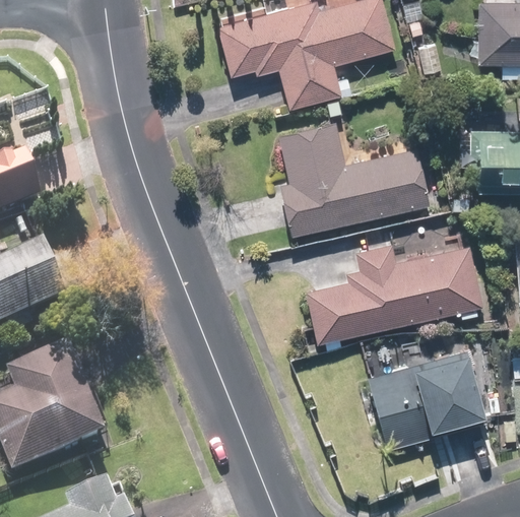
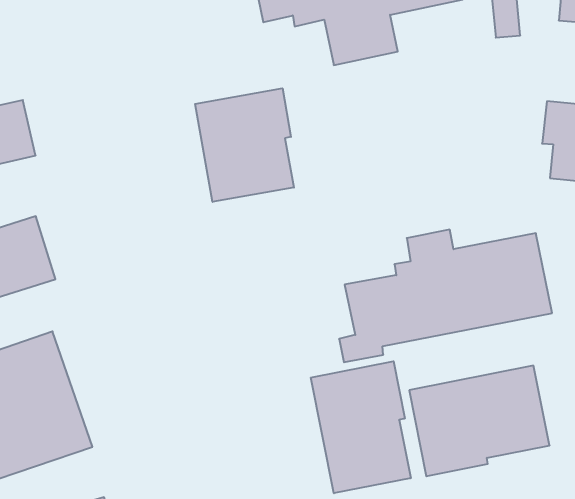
building: [278,119,433,238] -> none
building: none -> [195,88,294,202]
building: none -> [311,361,411,493]

